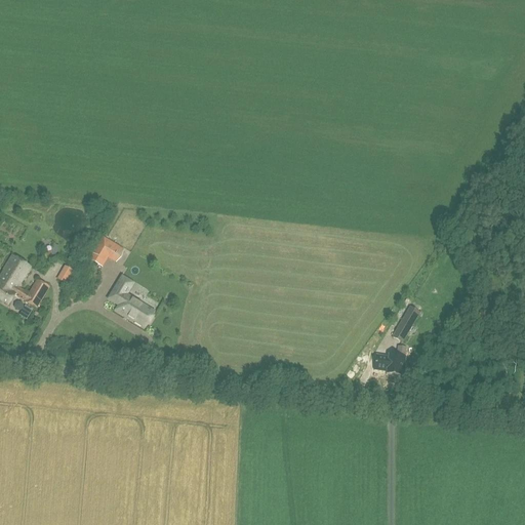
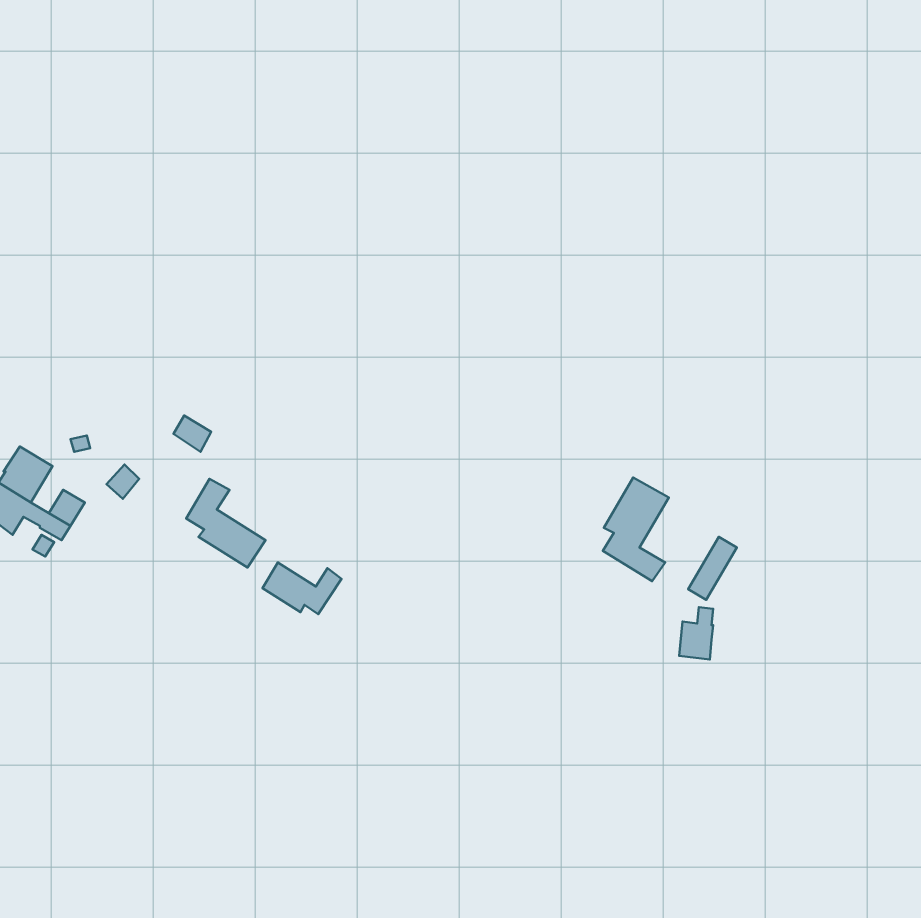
building: none -> [603,478,669,581]
building: none -> [262,563,342,614]

